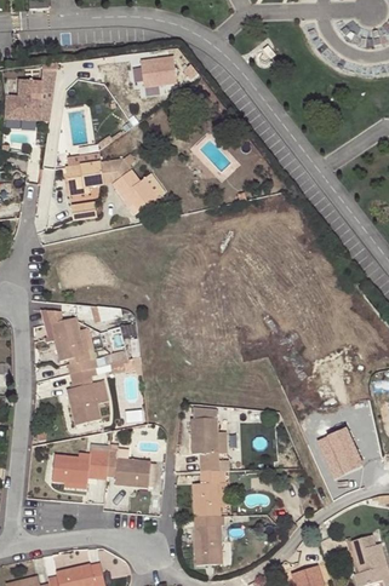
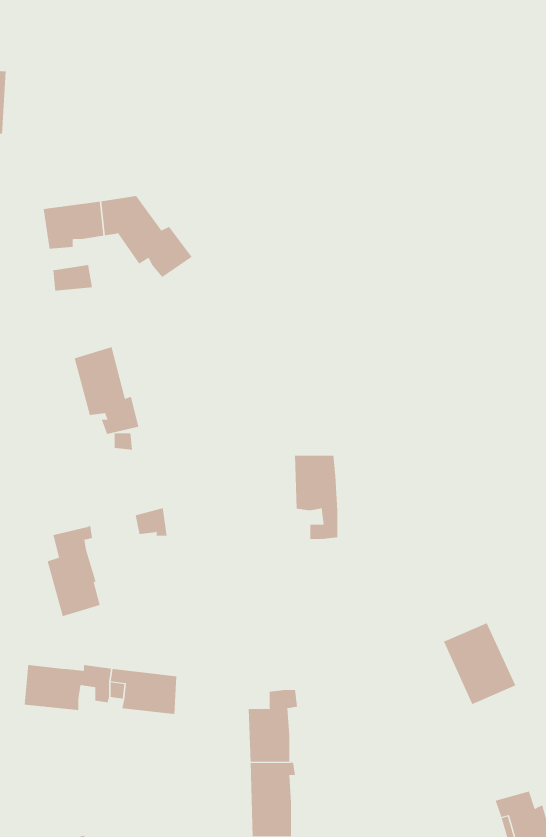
building: [142,54,177,86] -> none
building: [51,317,92,373] -> [74,347,139,435]
building: [190,419,218,472] -> [294,455,338,539]

